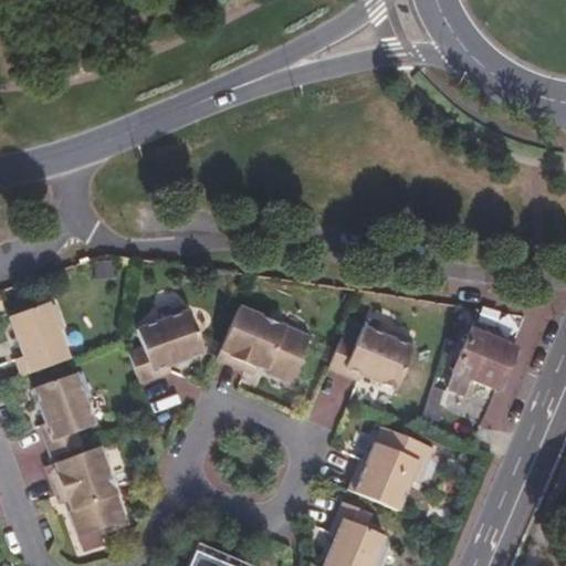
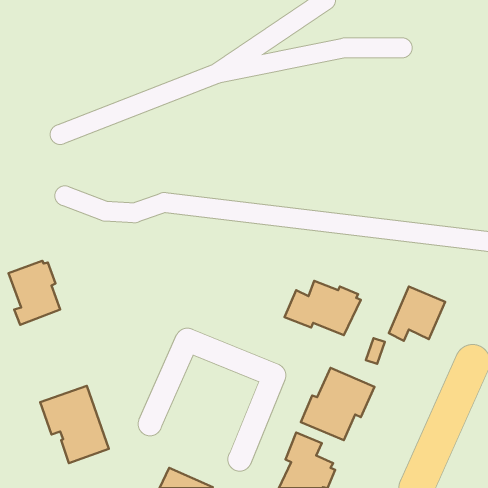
building: [129,305,206,382] -> none
building: [217,306,311,382] -> none
building: [34,373,96,457] -> none

